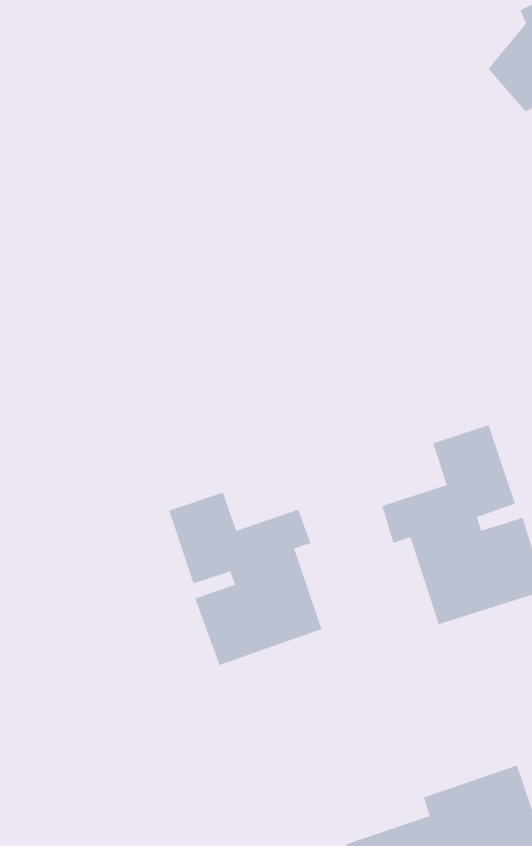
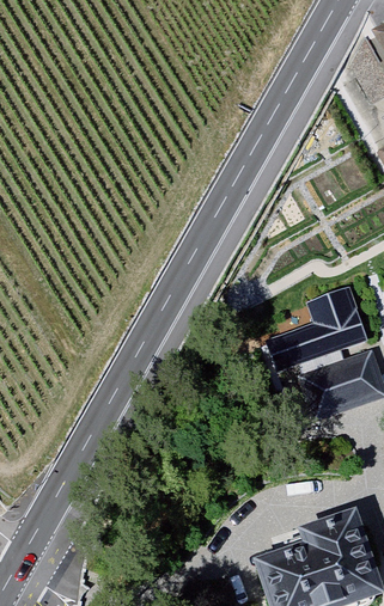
building: [168,492,322,666] -> none

